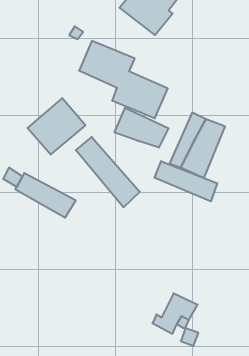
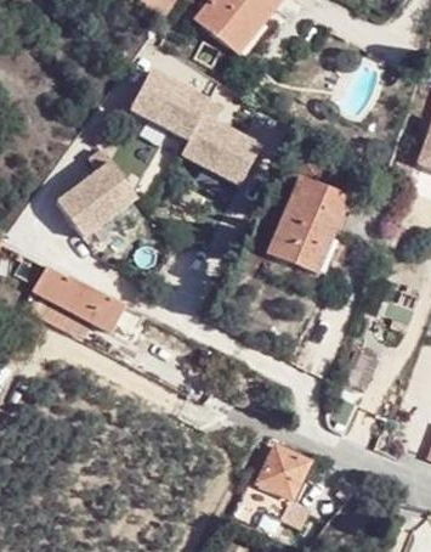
building: [114,108,169,148] -> none
building: [76,137,140,207] -> none
building: [154,161,217,201] -> none

